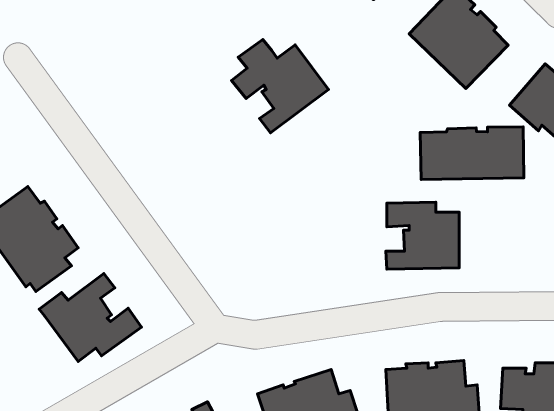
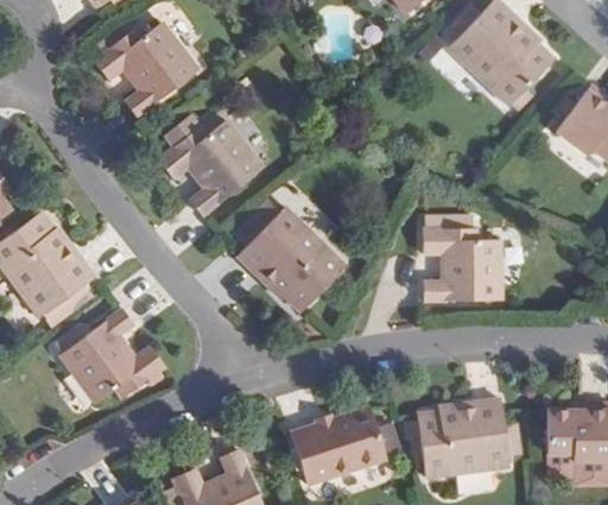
building: none -> [97,23,201,116]
building: [232,39,329,133] -> [159,114,262,214]
building: [420,127,524,179] -> none
building: none -> [238,206,346,313]

